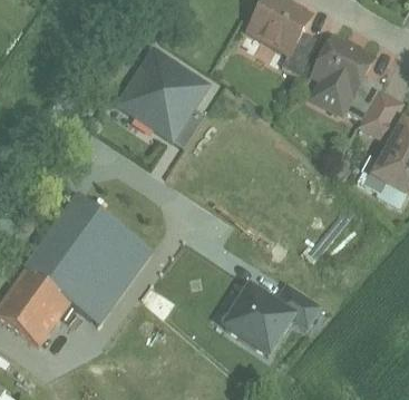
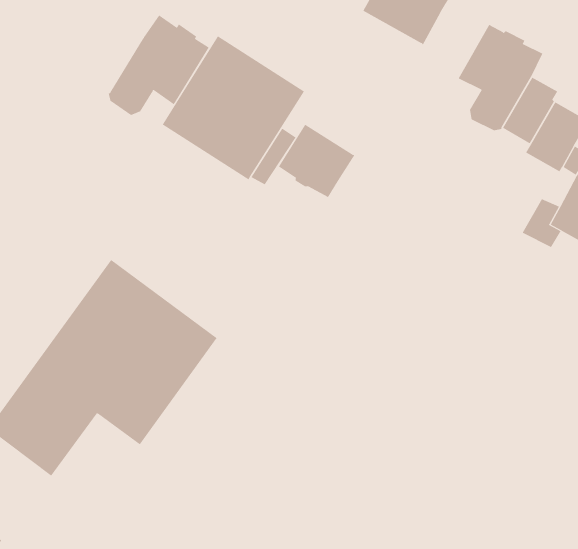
building: [282,29,319,72] -> none
building: none -> [108,14,210,116]
building: none -> [278,124,355,198]
building: [206,272,323,357] -> none

